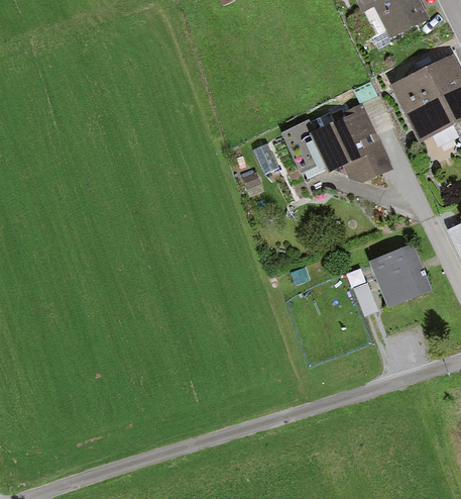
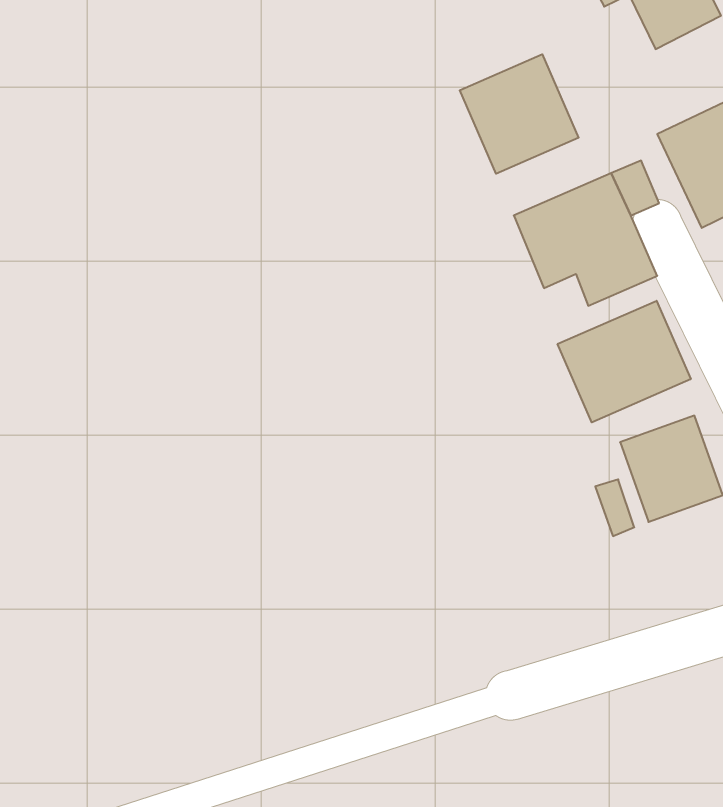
building: none -> [460,54,579,174]
building: none -> [558,301,691,422]

